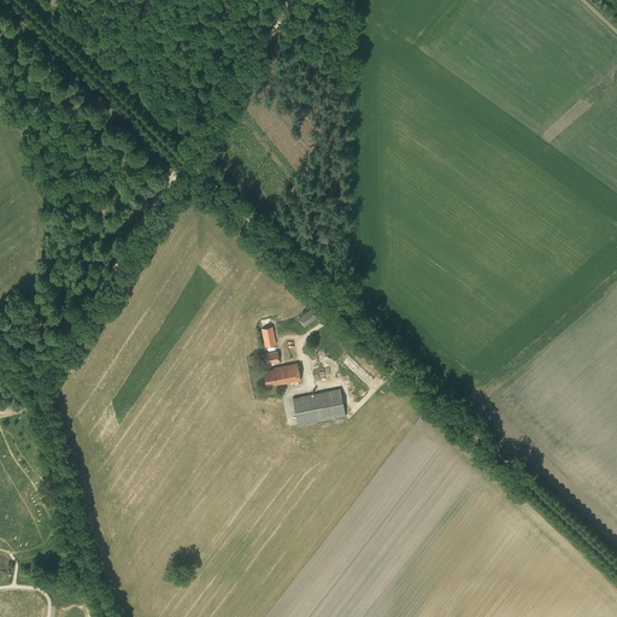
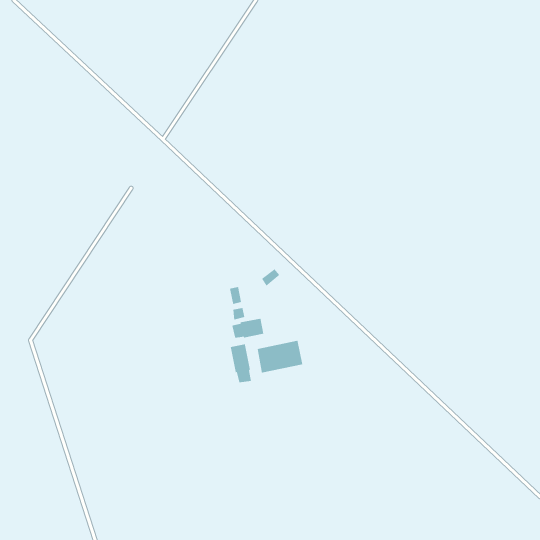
building: none -> [230,344,251,383]

